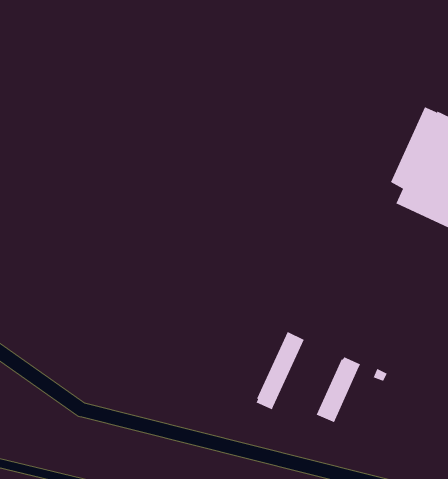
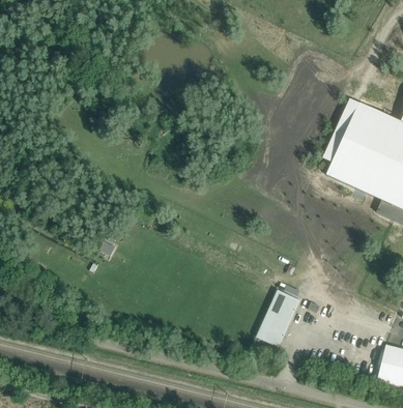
building: [256,331,304,410] -> none

